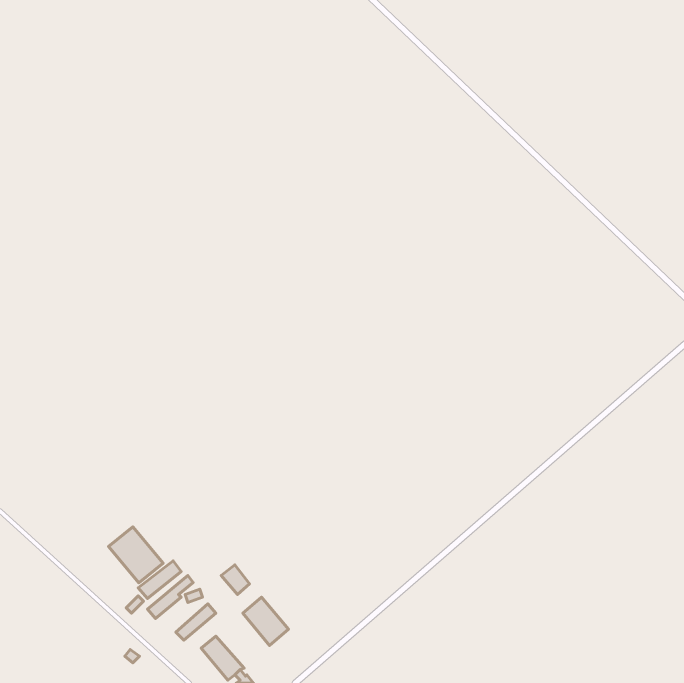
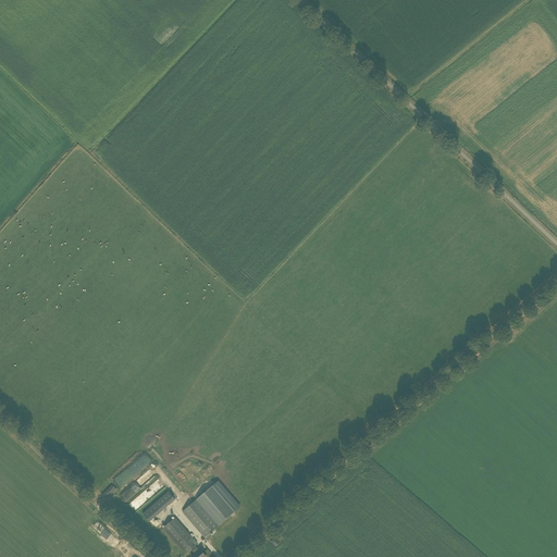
building: [109,527,163,583] -> none
building: none -> [184,497,220,535]

